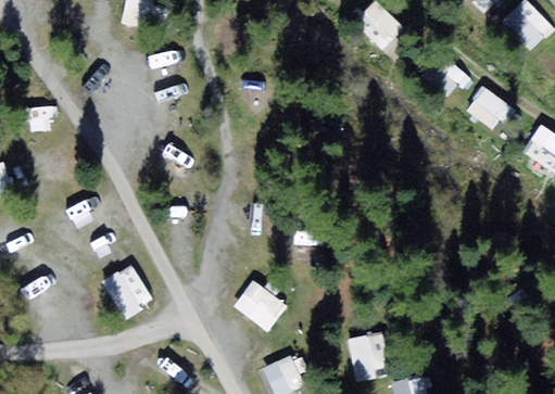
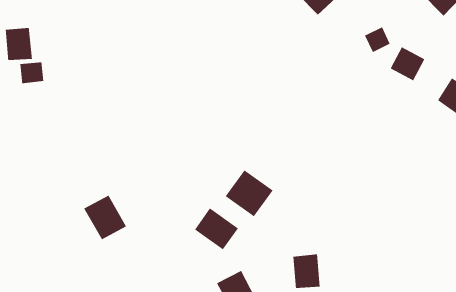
building: none -> [5,27,32,61]
building: none -> [225,169,273,217]

